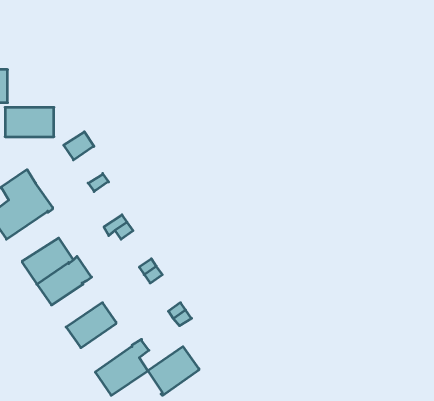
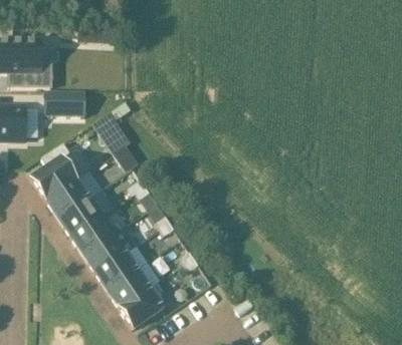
building: none -> [44,175,91,217]
building: none -> [81,232,124,270]
building: [148,347,199,395] -> [106,267,148,307]

